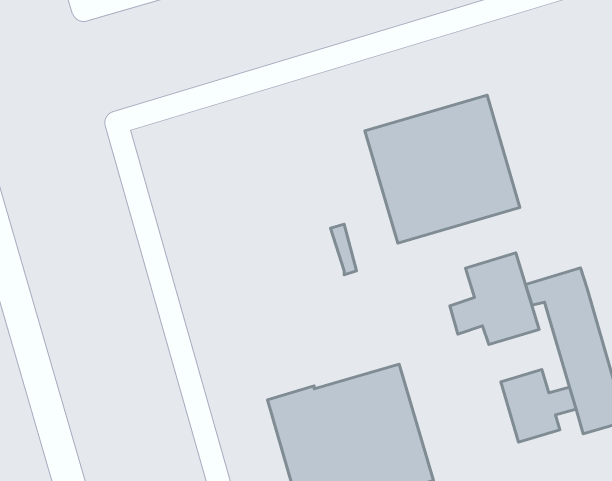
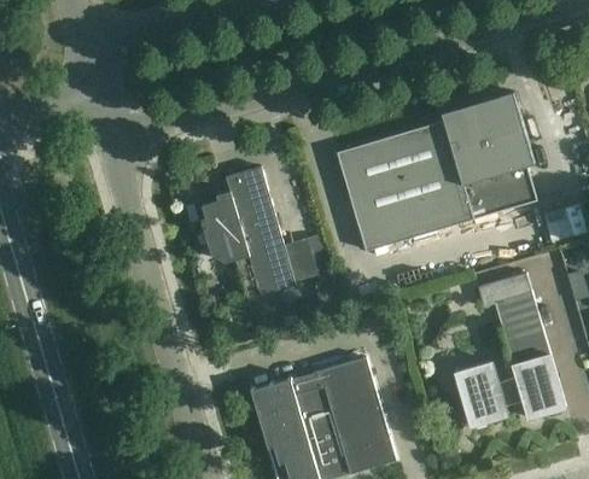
building: none -> [441,92,536,220]
building: none -> [200,167,294,299]
building: [450,253,539,345] -> none

